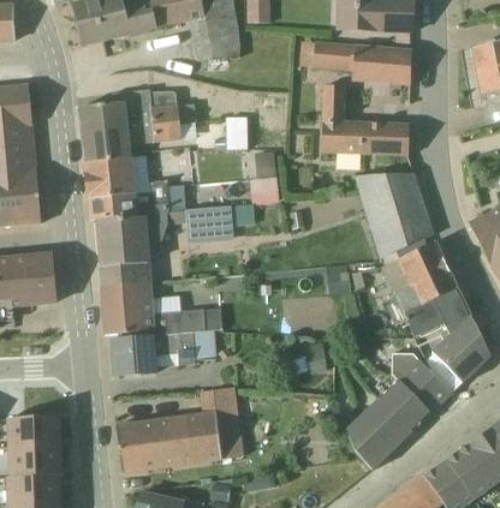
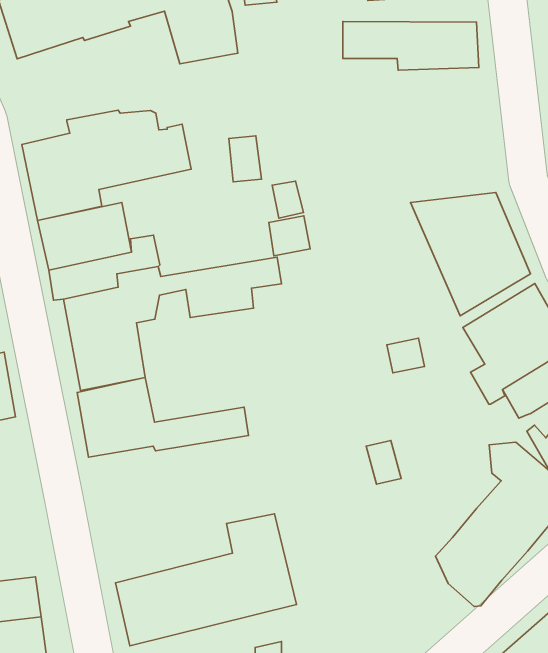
building: [321,85,407,154] -> none
building: [112,330,215,375] -> none

